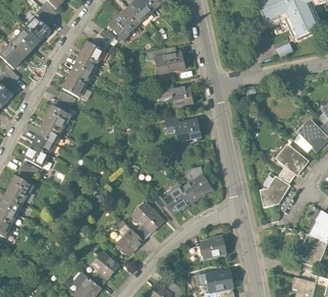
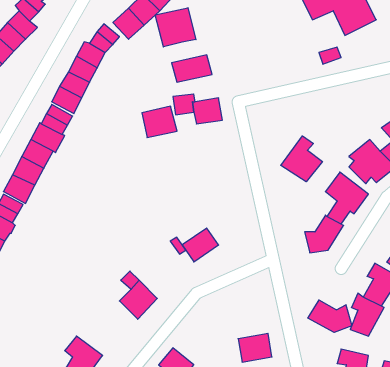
building: none -> [155,8,196,47]
building: none -> [281,136,322,182]
building: [175,116,203,140] -> [142,106,177,138]
building: [183,172,214,199] -> none
building: [133,199,165,231] -> none
building: [201,235,227,257] -> none
building: none -> [308,300,352,332]
building: [91,249,119,277] -> none

